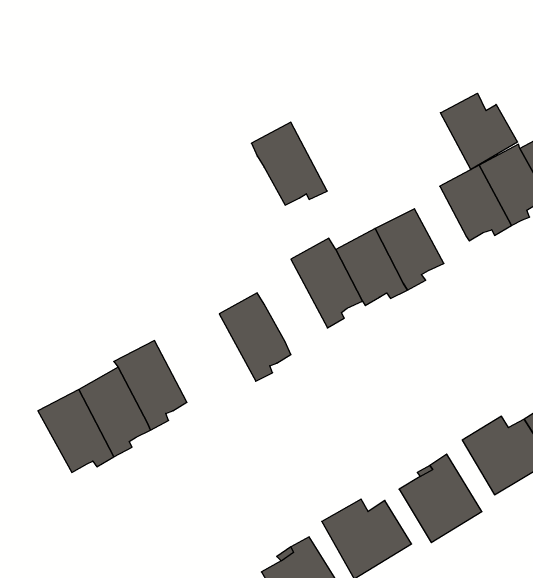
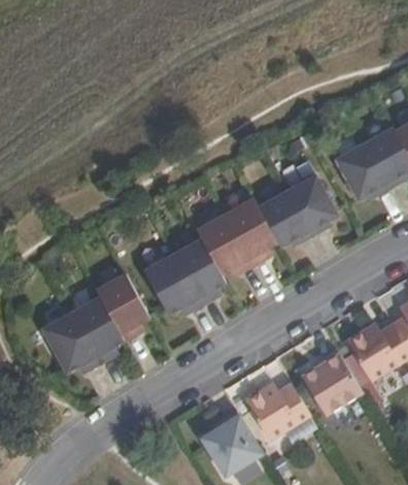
building: [440,93,518,170] -> none
building: [251,122,327,205] -> [197,212,252,272]
building: none -> [144,252,200,313]

